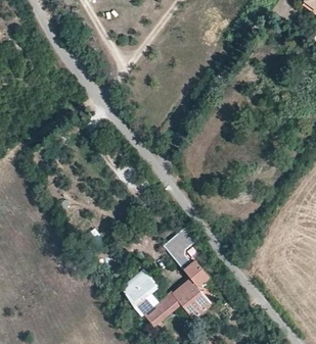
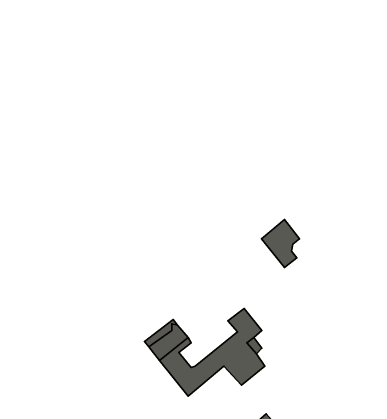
building: [163,231,191,266] -> [261,220,300,267]

